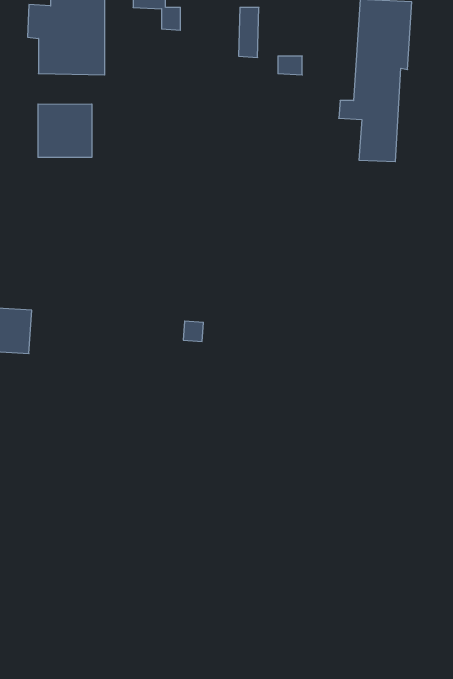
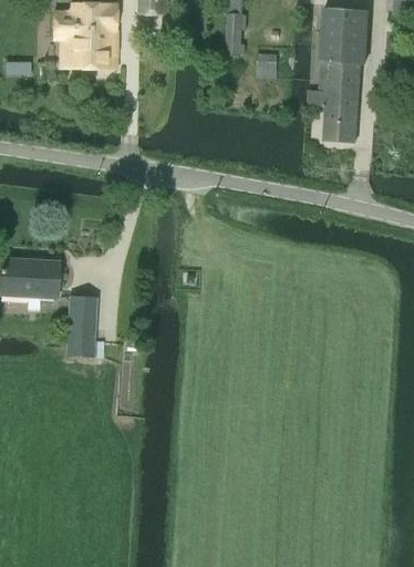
building: [38,104,92,157] -> none
building: none -> [66,297,95,357]

